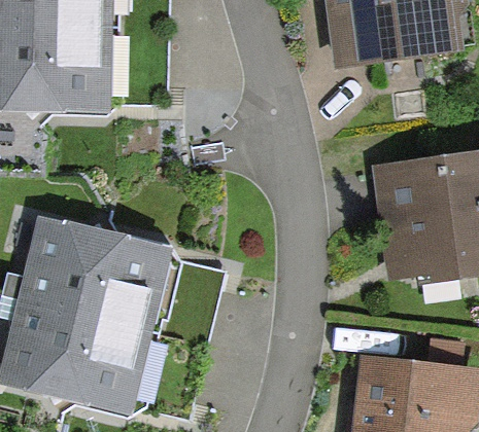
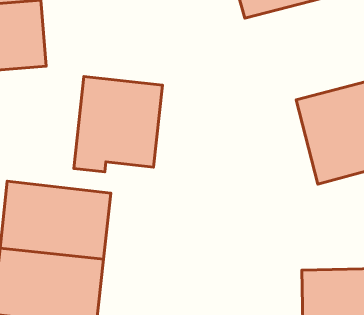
building: none -> [74,76,163,172]

